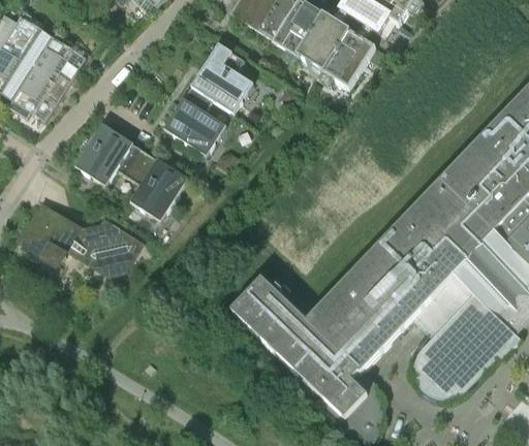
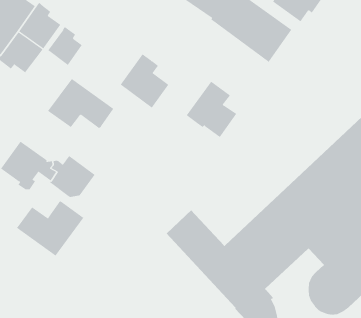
building: [189,41,253,112] -> [186,81,237,138]
building: none -> [48,26,83,66]
building: [130,157,188,219] -> none
building: none -> [16,201,84,257]

